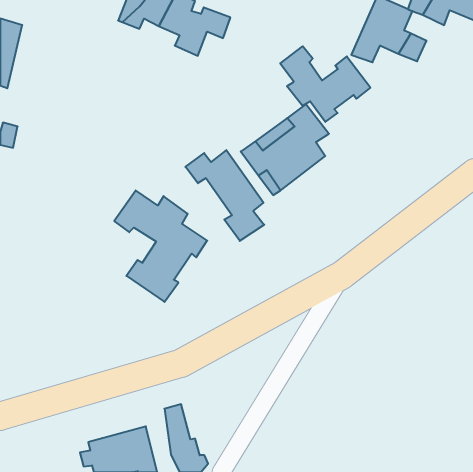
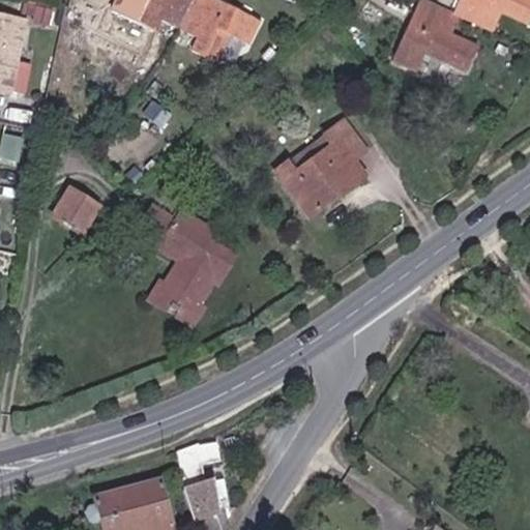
building: [280,46,370,122] -> none
building: [185,150,264,241] -> none
building: none -> [53,185,105,236]

